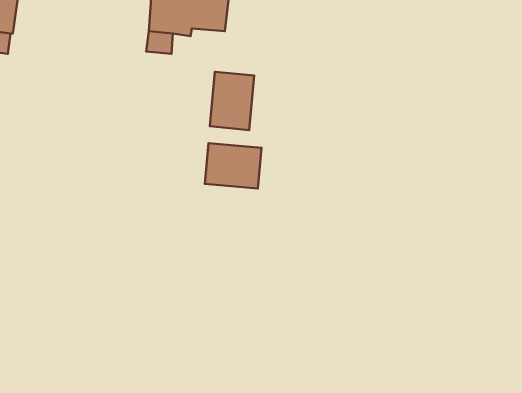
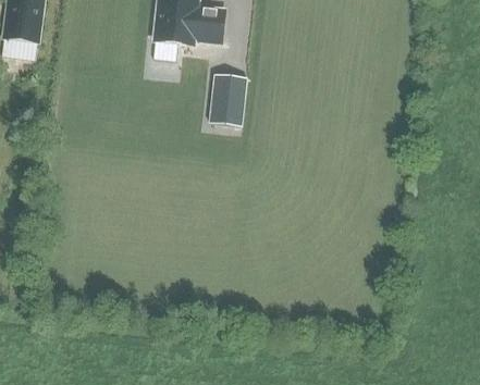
building: [205,143,262,189] -> none

